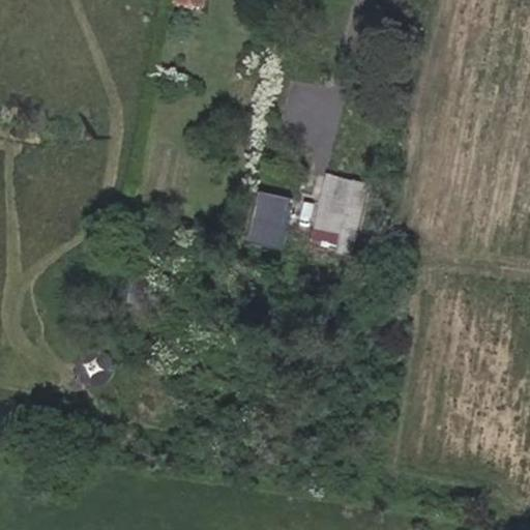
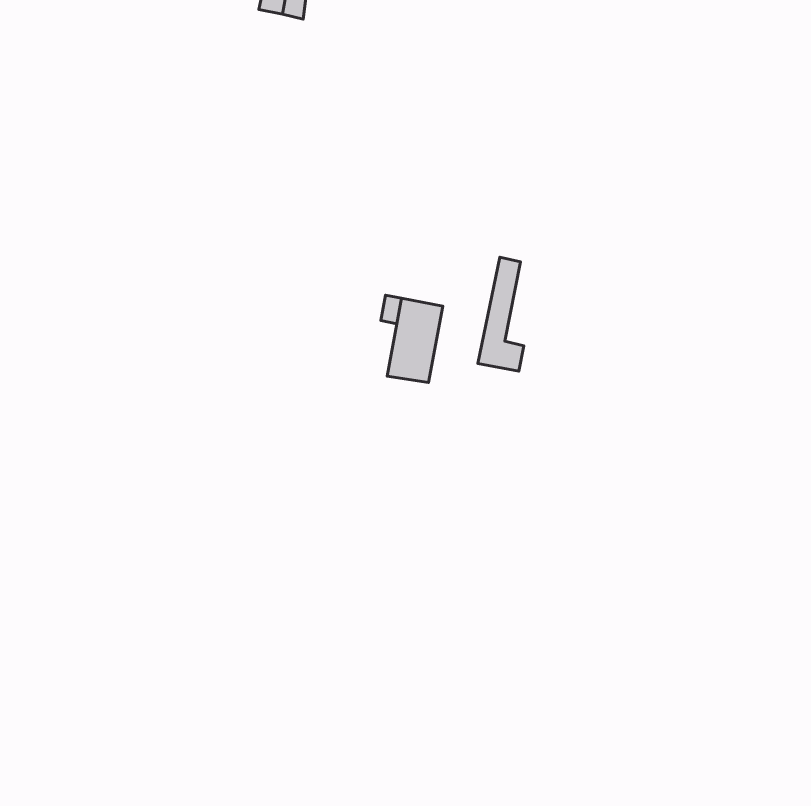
building: [329,171,366,245] -> none

